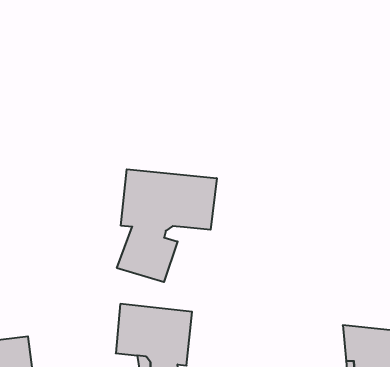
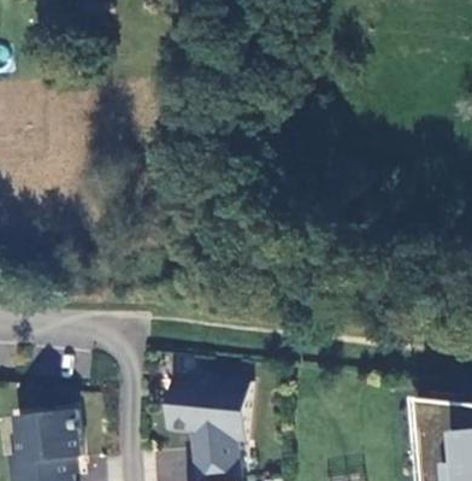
building: [117,169,217,282] -> none

